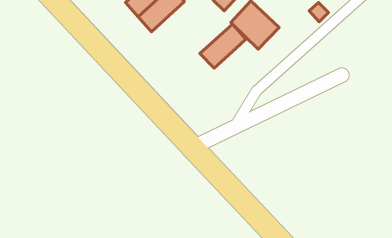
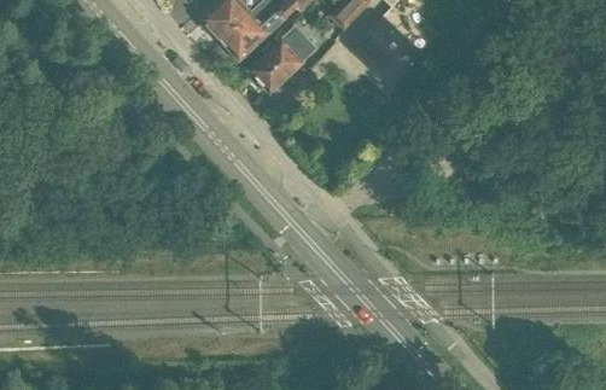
building: [200,24,246,68] -> [250,27,316,91]

